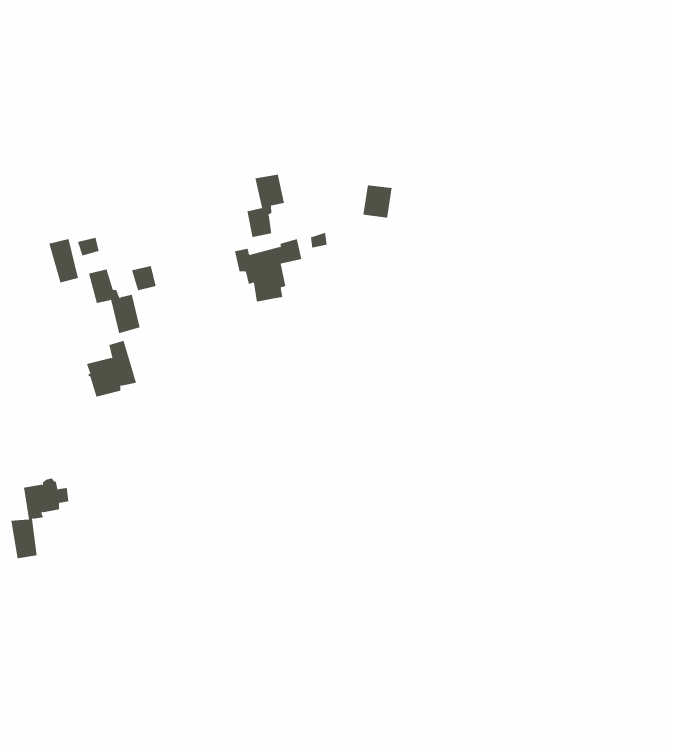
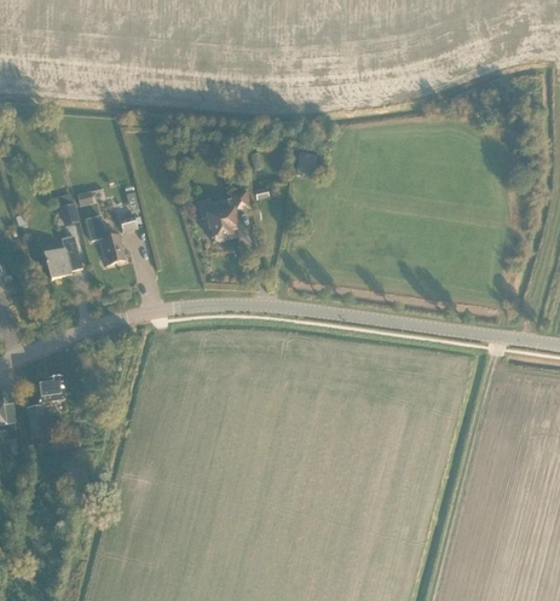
building: [247,174,285,238] -> none
building: [86,340,137,397] -> [44,235,82,278]

